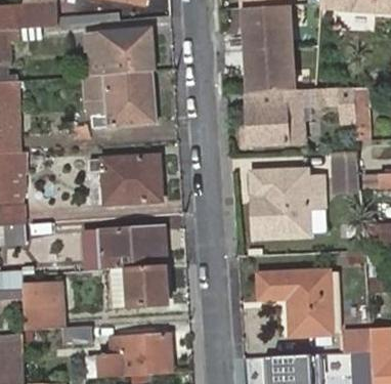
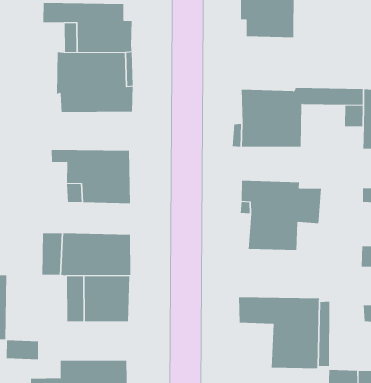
building: [246,47,296,92] -> none
building: [338,150,360,189] -> none

